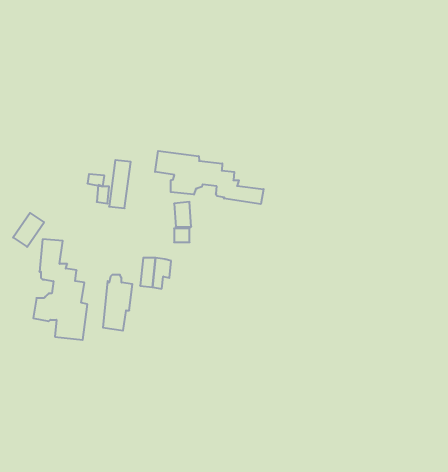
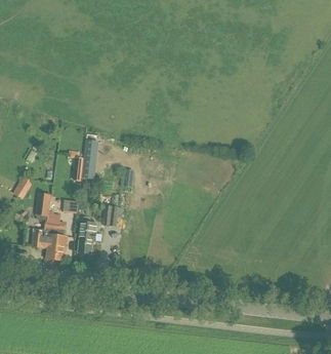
building: [155,151,264,204] -> none

